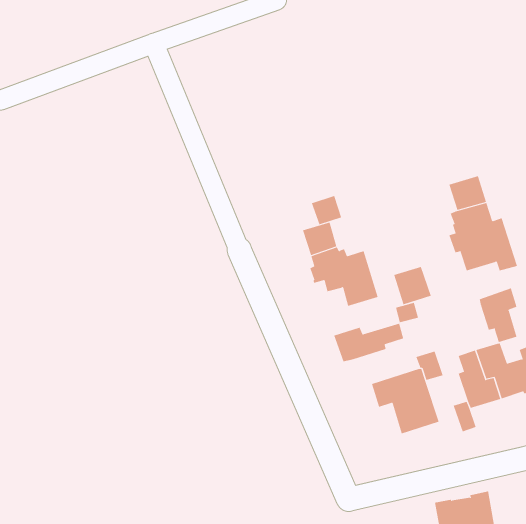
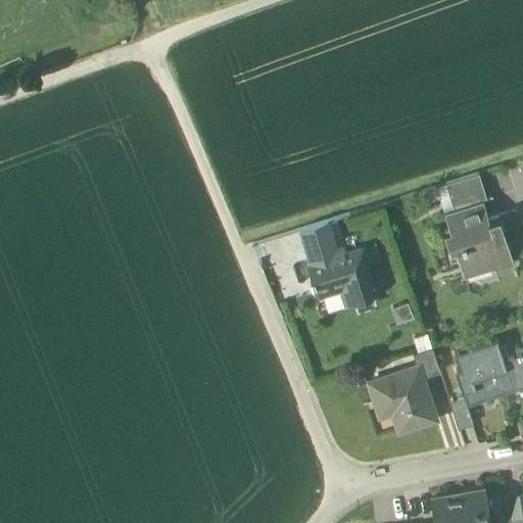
building: [311,195,342,225] -> none
building: [393,266,432,305] -> none
building: [479,288,517,343] -> none
building: [334,323,404,362] -> none

